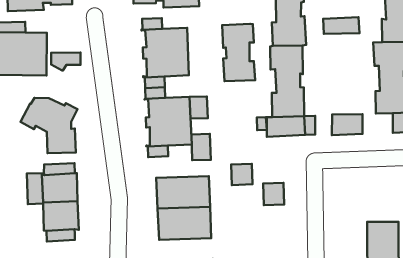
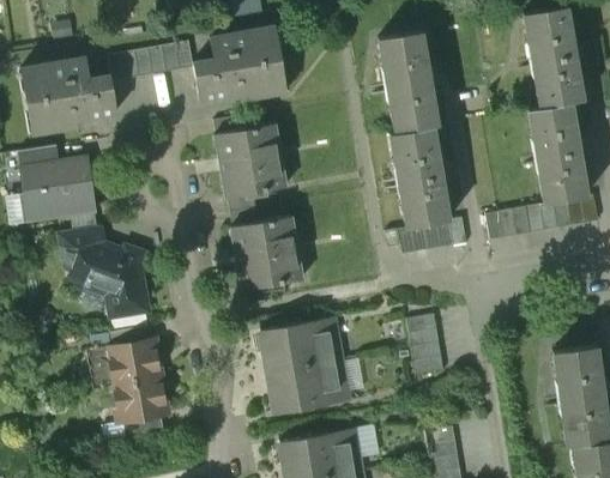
building: [323,17,359,34] -> none
building: [222,24,255,81] -> none
building: [51,52,81,70] -> [60,226,102,254]
building: [190,96,208,119] -> none
building: none -> [527,200,572,234]
building: [192,134,211,160] -> none
building: [231,164,252,185] -> [411,343,443,375]

